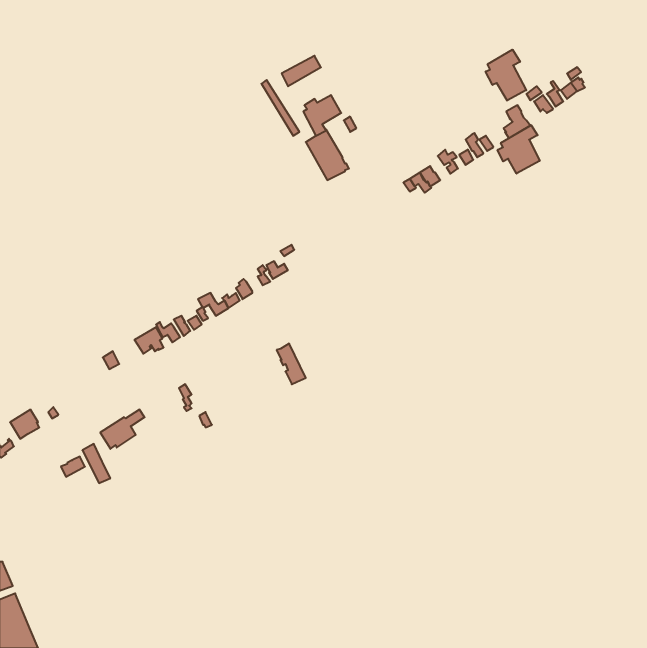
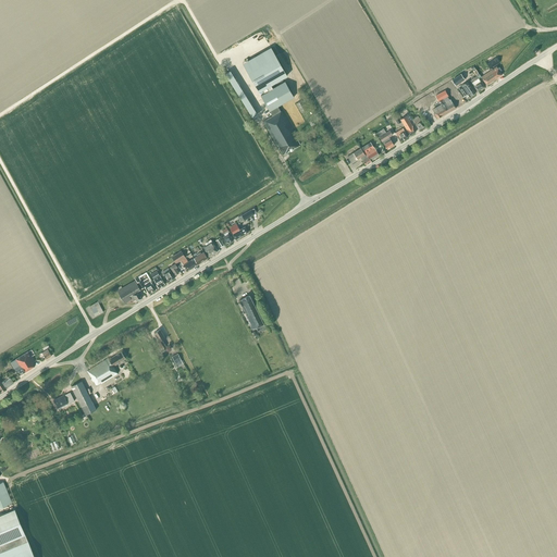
building: [486,50,526,101] -> none
building: none -> [247,58,286,91]
building: [498,125,540,174] -> none

